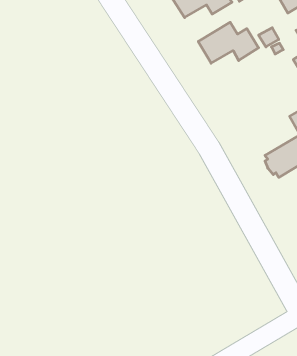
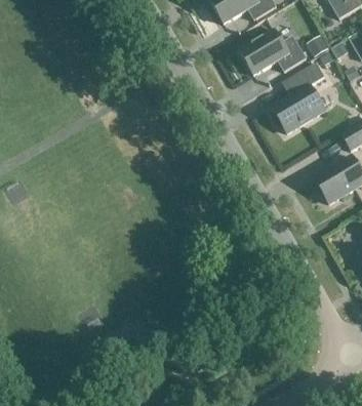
building: none -> [272,60,325,131]

